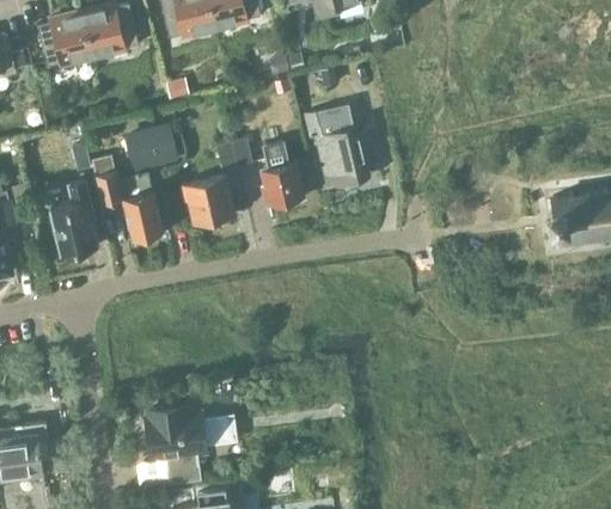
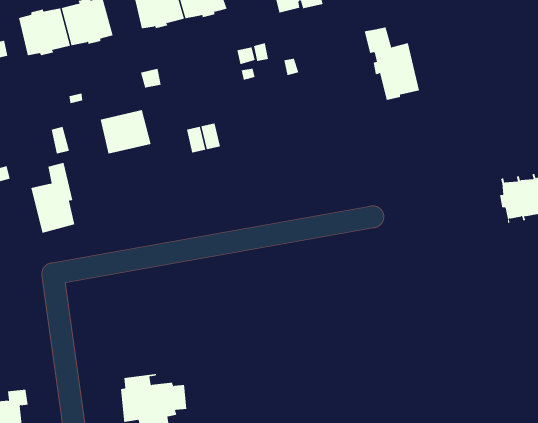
building: [305,108,365,186] -> [364,27,420,101]
building: [261,139,303,206] -> none
building: [93,155,164,238] -> none
building: [179,173,234,223] -> none

